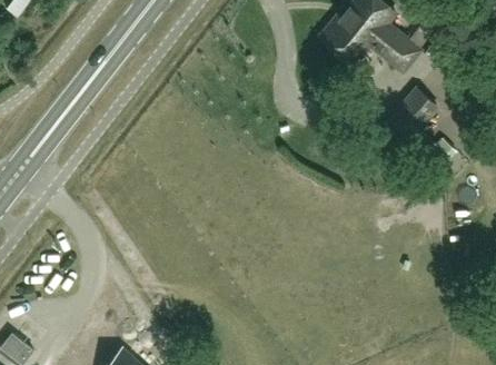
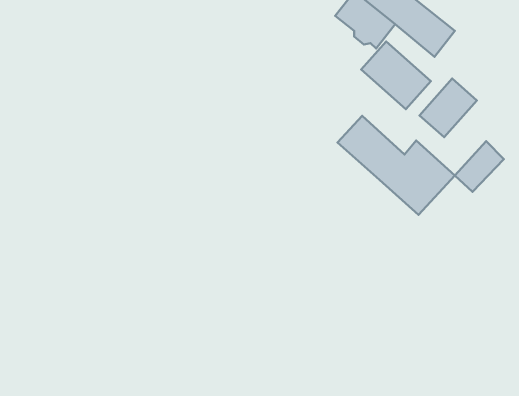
building: none -> [361,41,431,109]
building: none -> [337,116,455,215]

